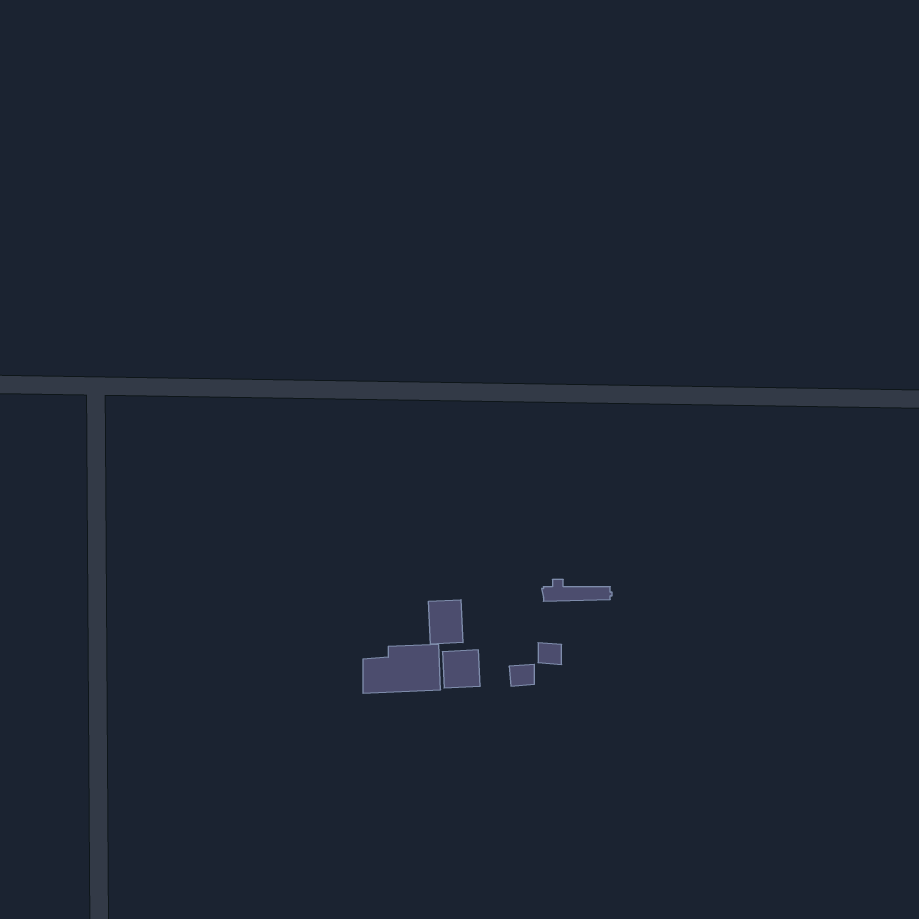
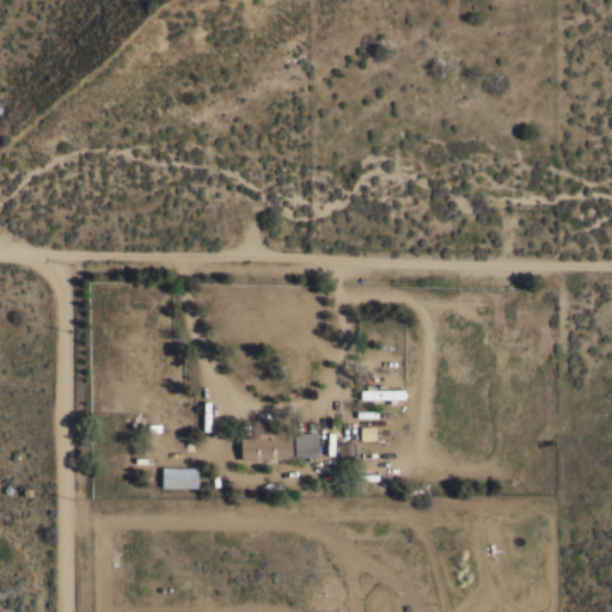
building: [429,600,463,644] -> none
building: none -> [164,469,200,489]

